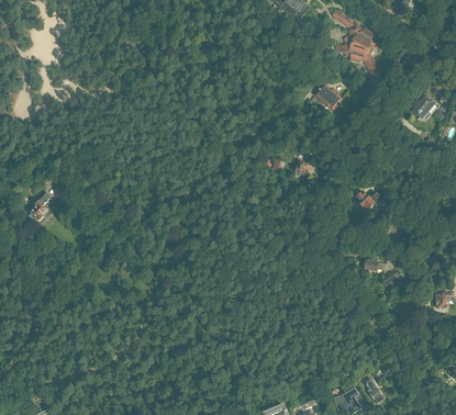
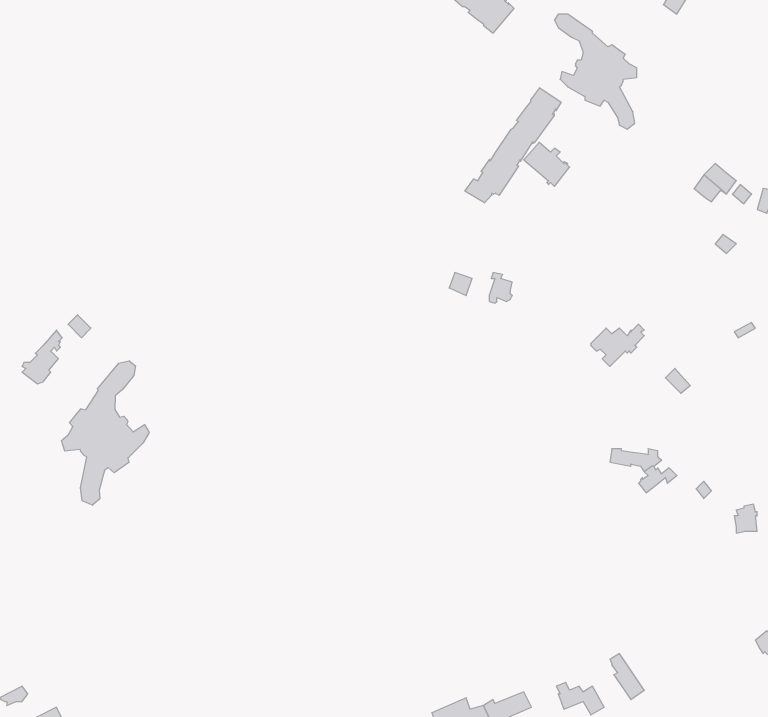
building: none -> [465,88,561,203]
building: none -> [62,361,149,505]

